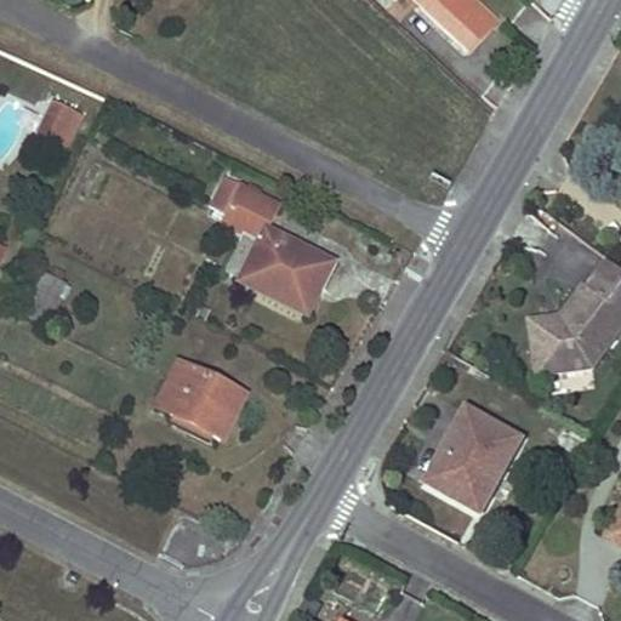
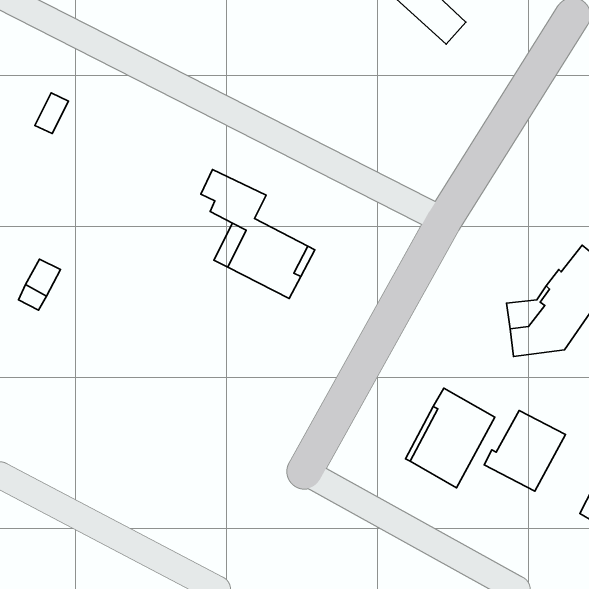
building: [159,361,244,437] -> none
building: none -> [484,411,566,491]

